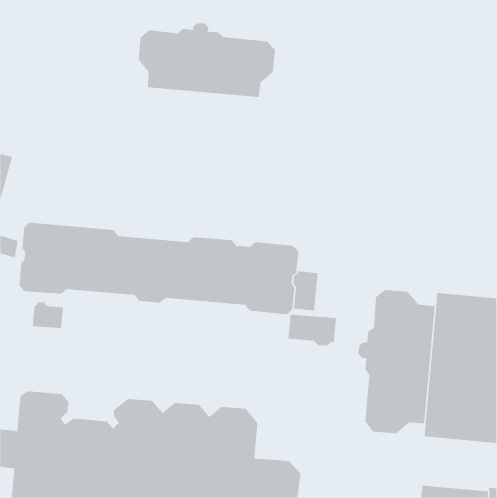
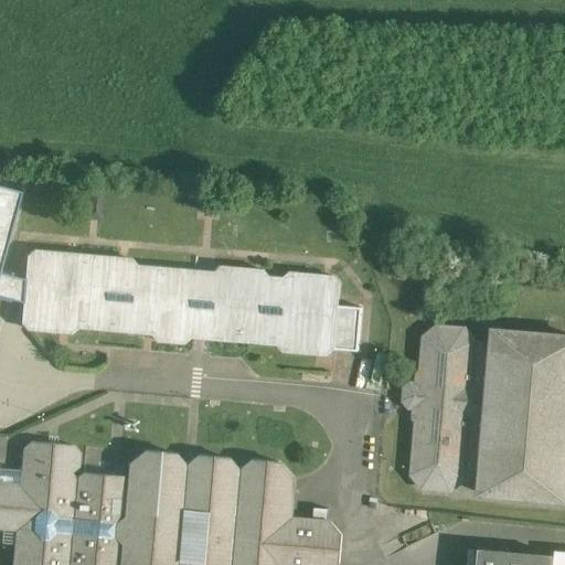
building: [138,22,275,98] -> none
building: [32,302,64,329] -> none
building: [288,314,336,346] -> none

